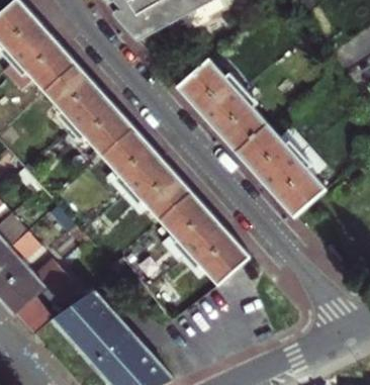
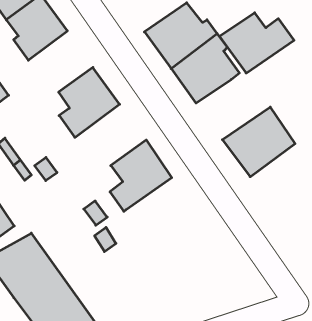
building: [65,93,132,153] -> none
building: [235,122,306,181] -> [219,13,294,73]
building: [122,158,191,217] -> none
building: [179,222,249,282] -> none

